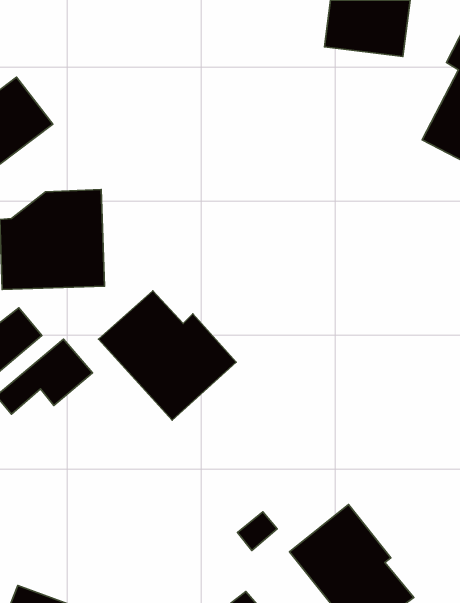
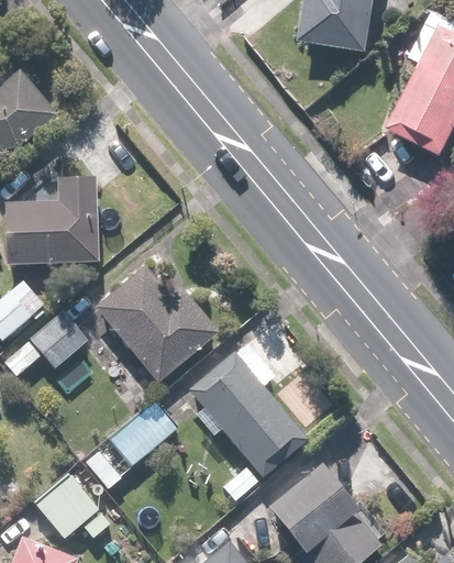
building: none -> [186,342,309,477]
building: none -> [81,399,176,490]
building: none -> [32,473,100,541]

